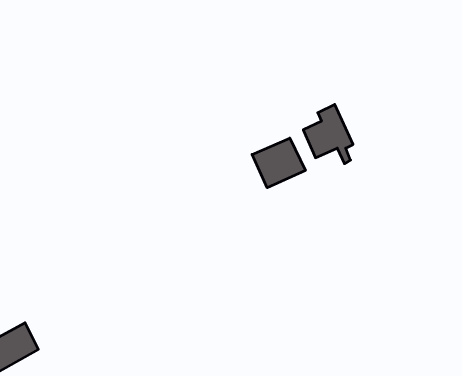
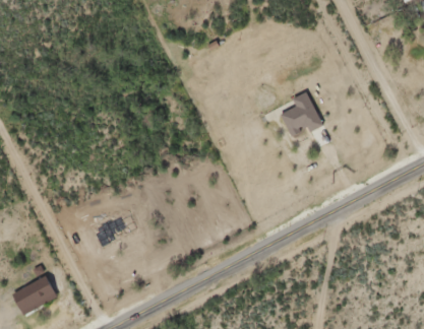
building: [252,138,305,188] -> none

